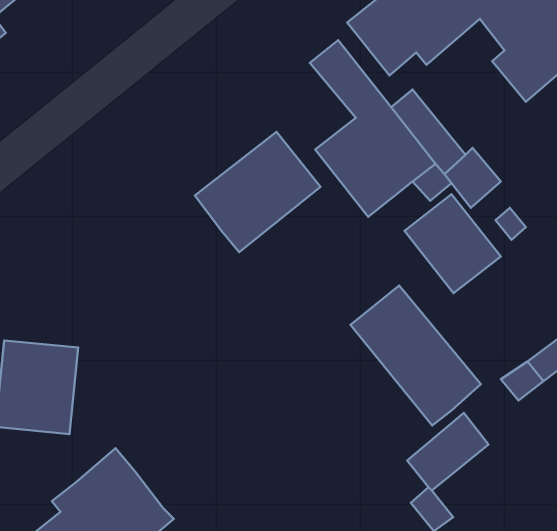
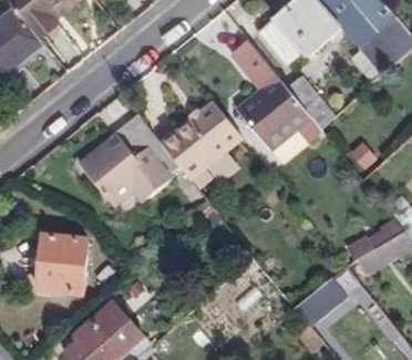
building: none -> [80,113,178,199]
building: [404,194,501,293] -> none
building: [350,286,481,425] -> none

